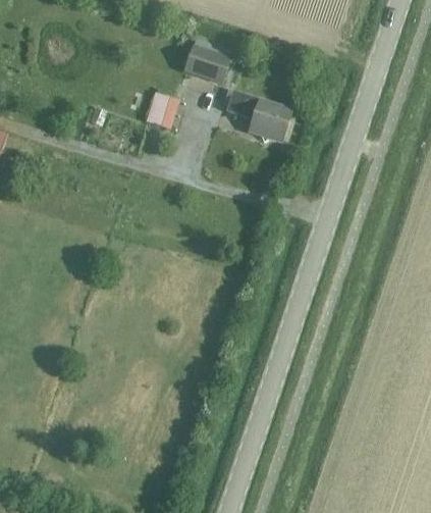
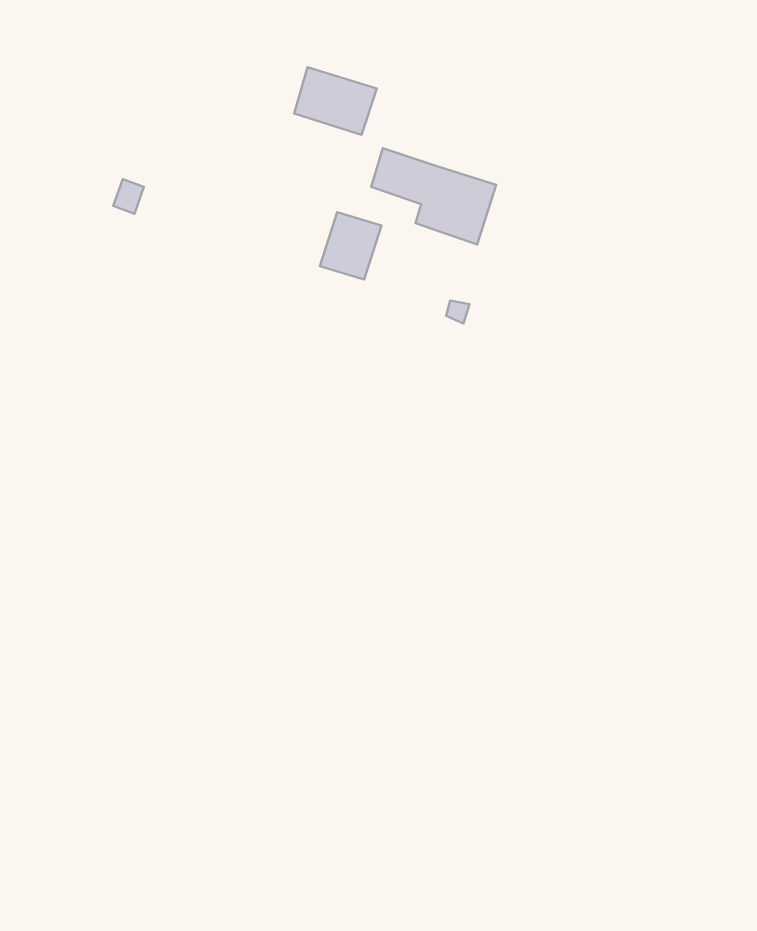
building: [148,91,180,126] -> [320,212,381,280]

